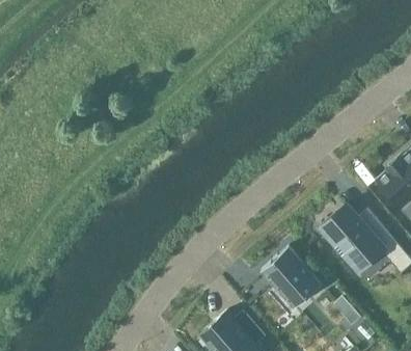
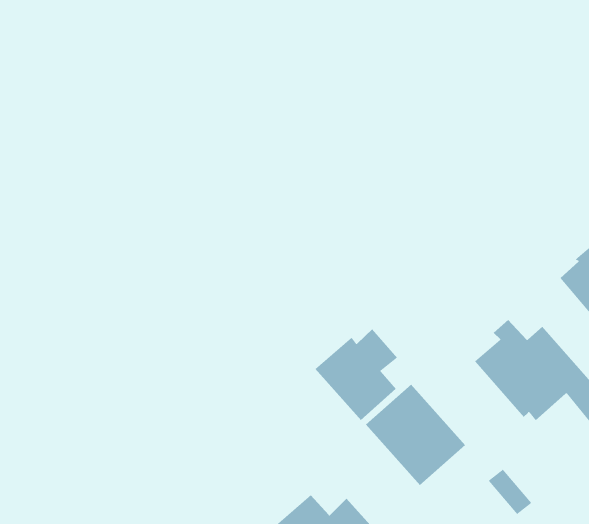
building: none -> [315,329,398,421]

